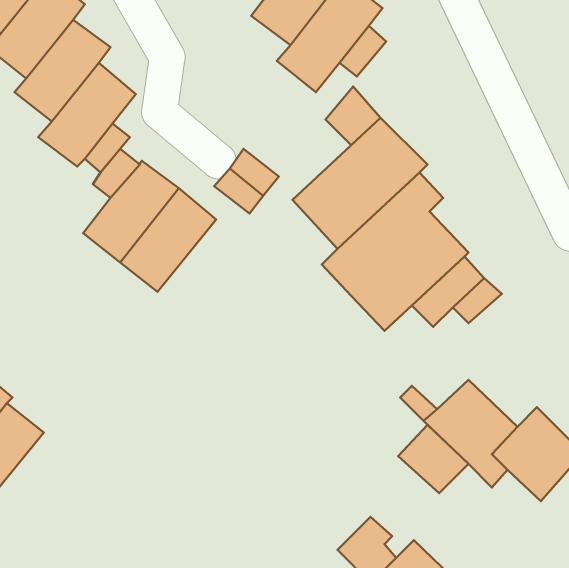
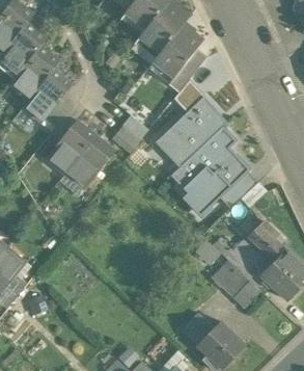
building: none -> [249,221,285,262]

